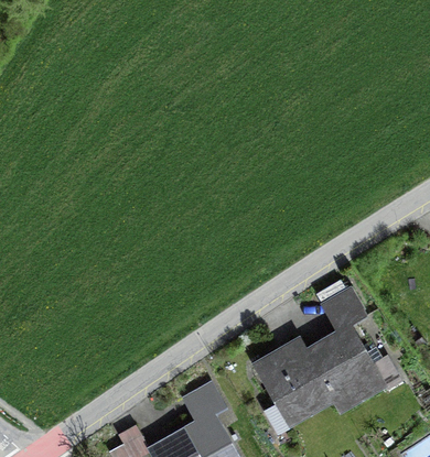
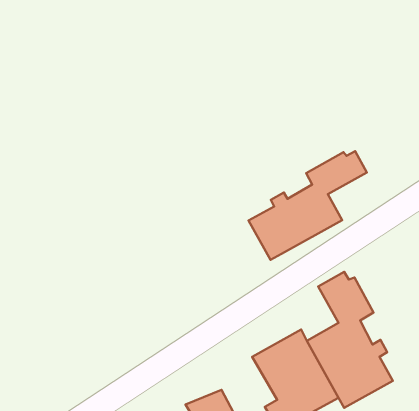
building: none -> [249,151,367,260]

